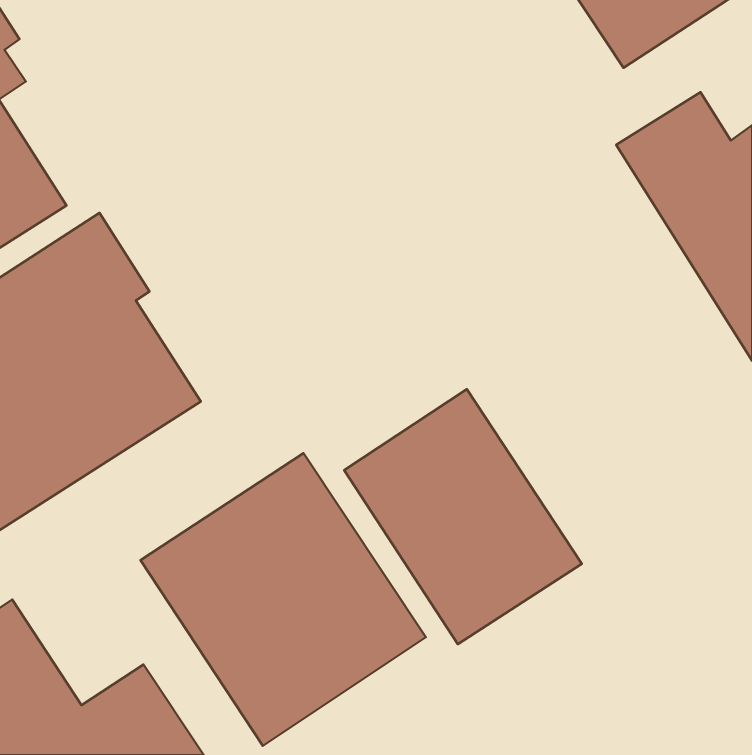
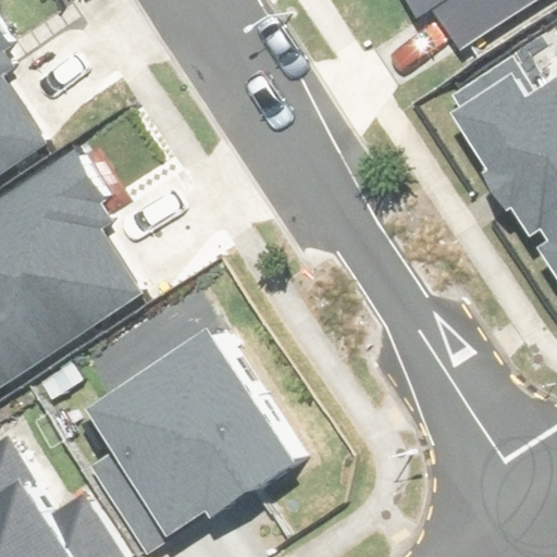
building: [344,389,582,644] -> none

